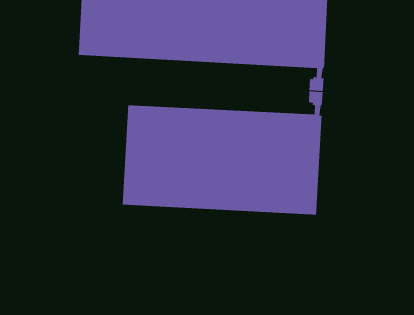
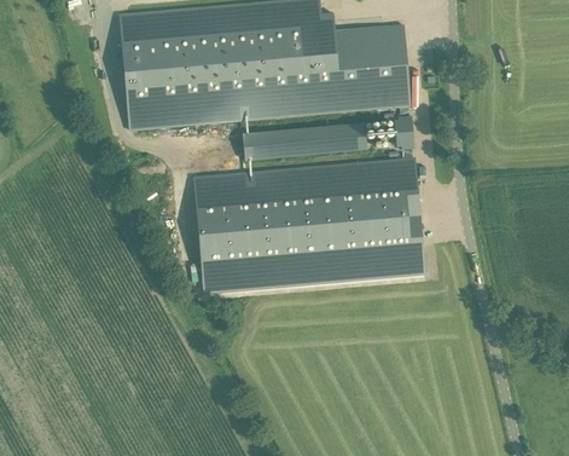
building: none -> [242,121,366,160]

